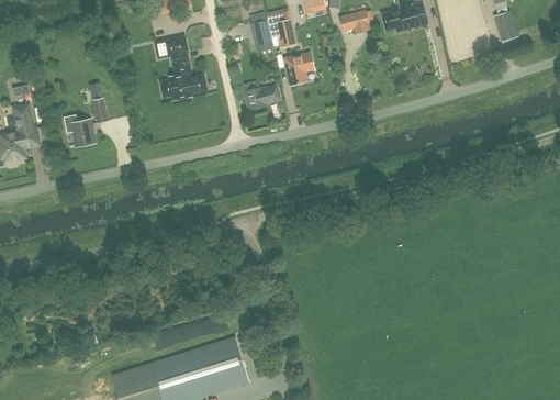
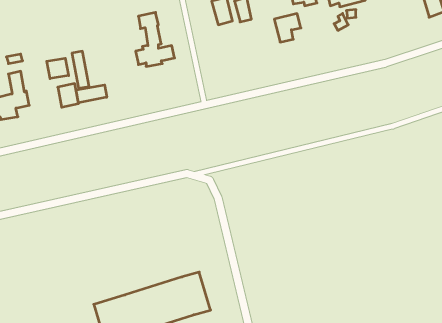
building: [284,52,315,85] -> [274,14,301,42]
building: [244,85,280,110] -> none
building: none -> [47,58,69,79]
building: none -> [76,85,107,103]

